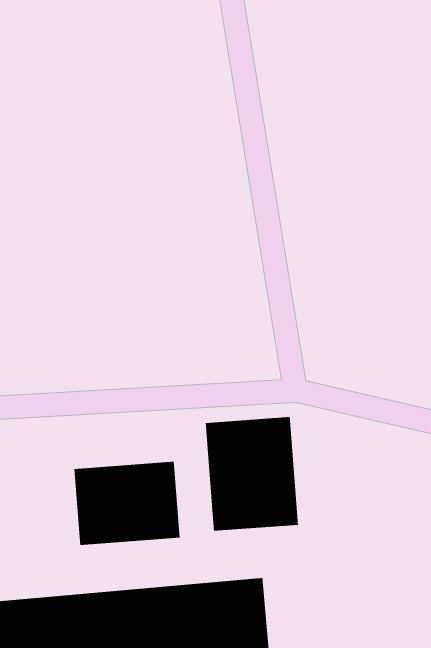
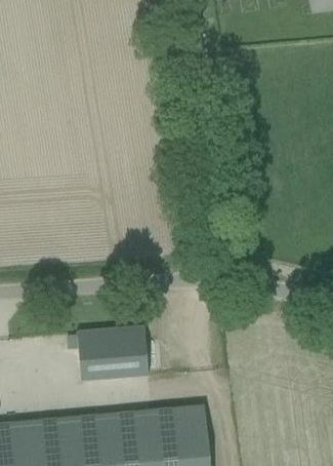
building: [205,416,298,531] -> none

